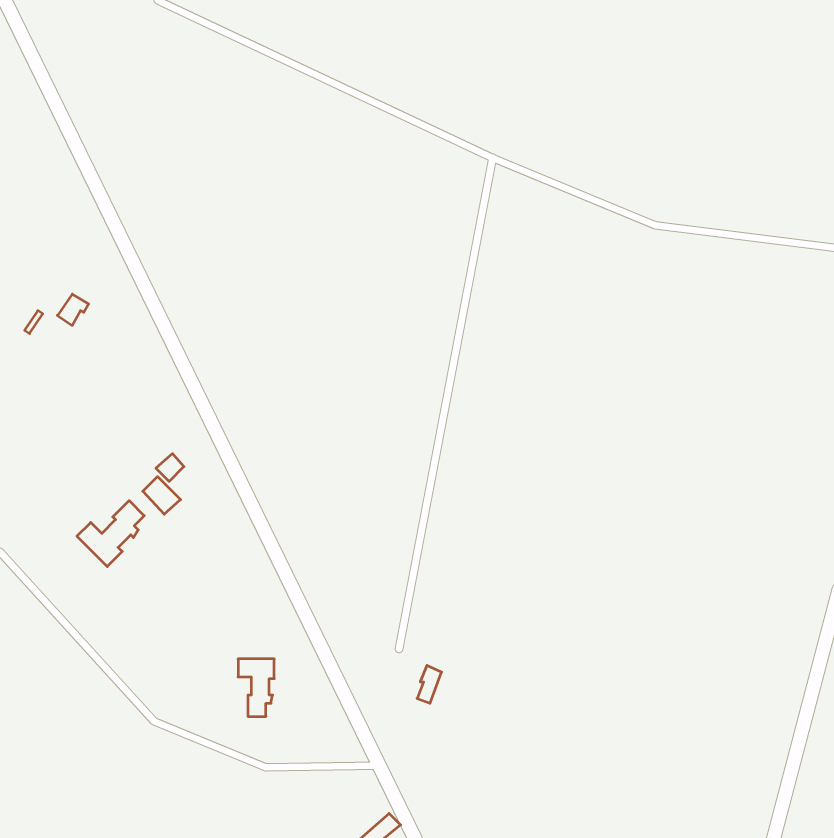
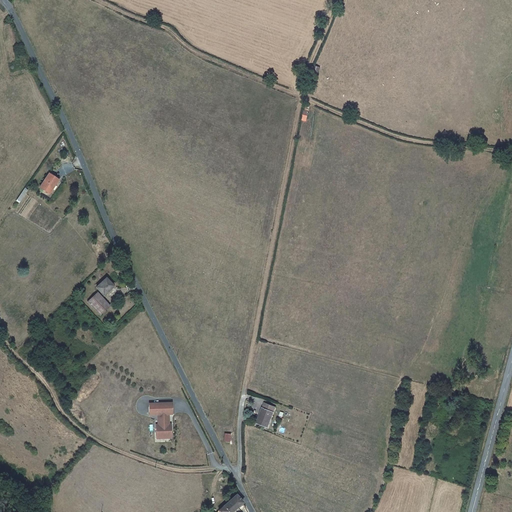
building: [77,501,144,567] -> none

